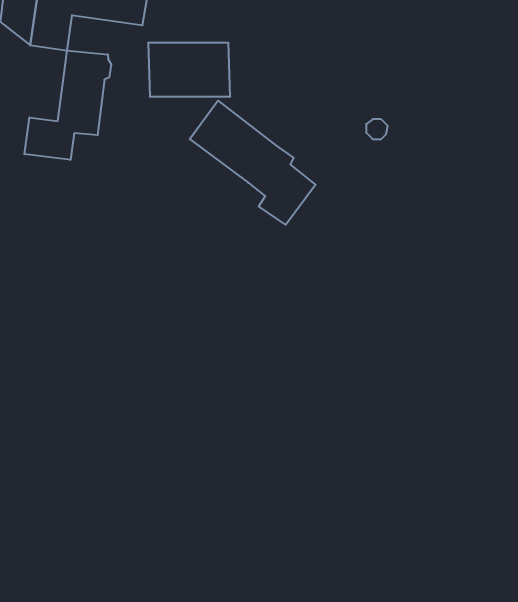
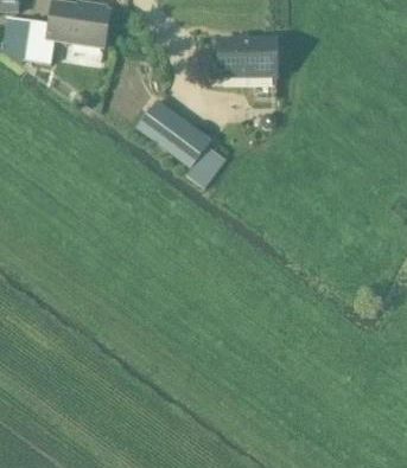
building: [148,43,230,97] -> [220,38,278,76]
building: [24,50,111,160] -> none

